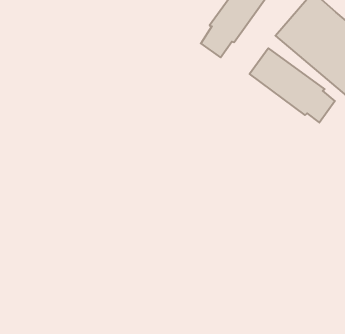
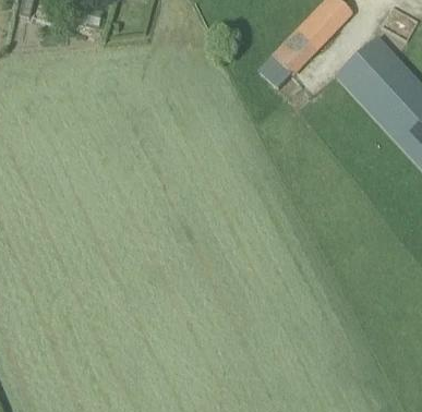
building: [250,48,335,123] -> none

